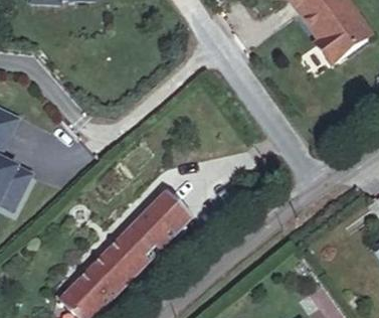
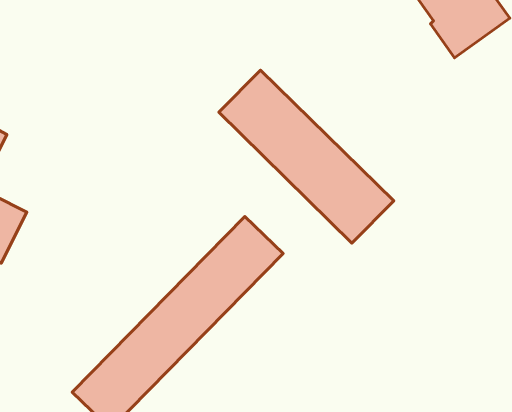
building: none -> [219,70,394,243]

